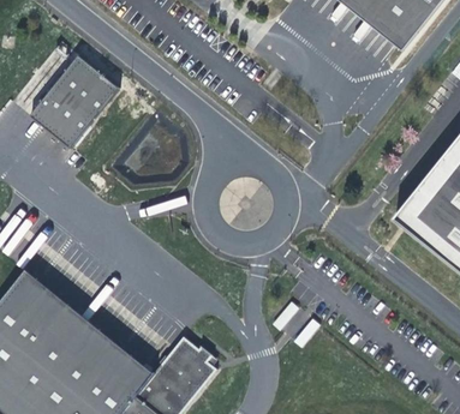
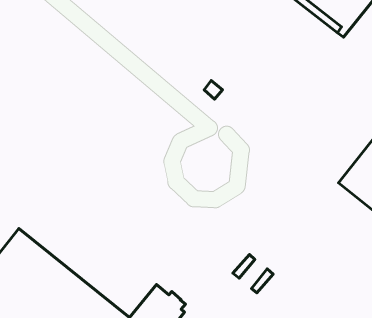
building: [29,53,119,146] -> none

